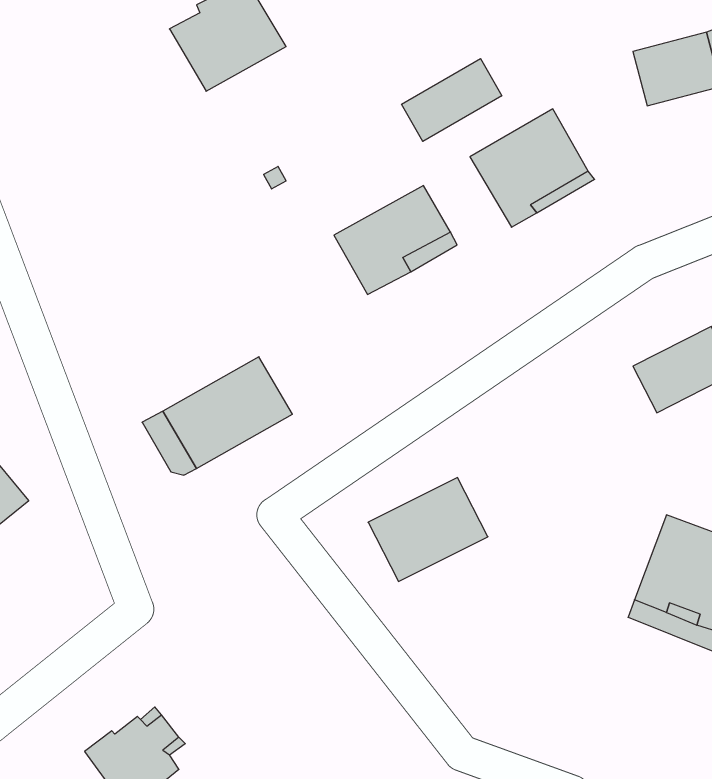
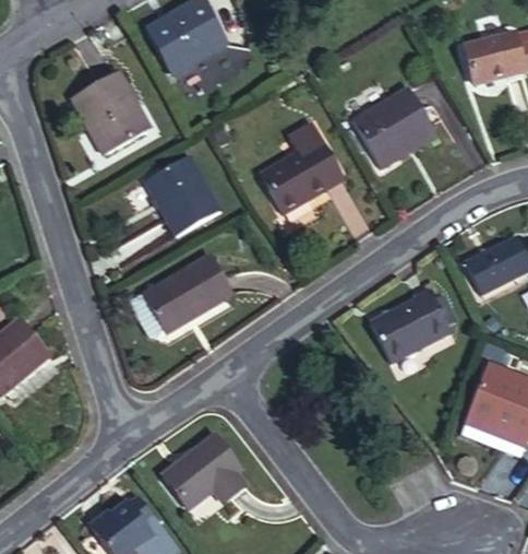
building: [402,59,502,141] -> none
building: none -> [74,73,151,152]
building: none -> [146,155,219,234]
building: [368,478,488,581] -> [370,290,452,361]
building: none -> [161,434,245,507]

